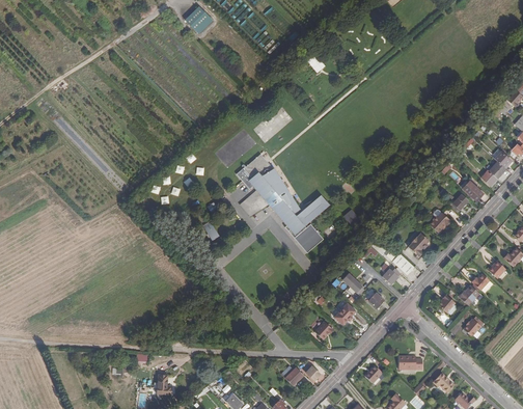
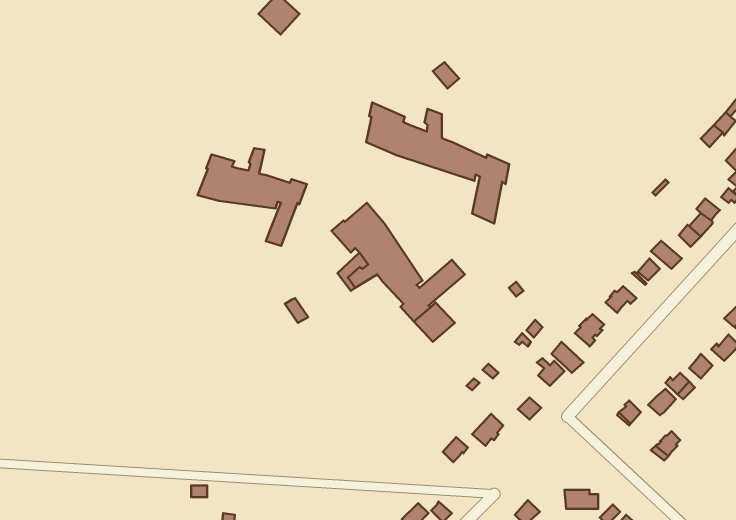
building: none -> [366,103,509,223]
building: none -> [198,148,307,246]

